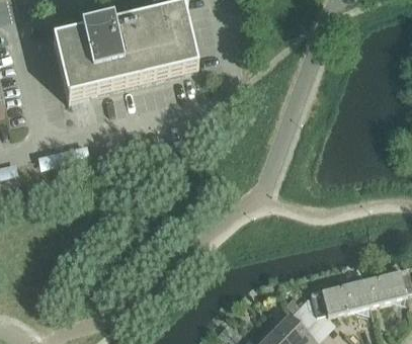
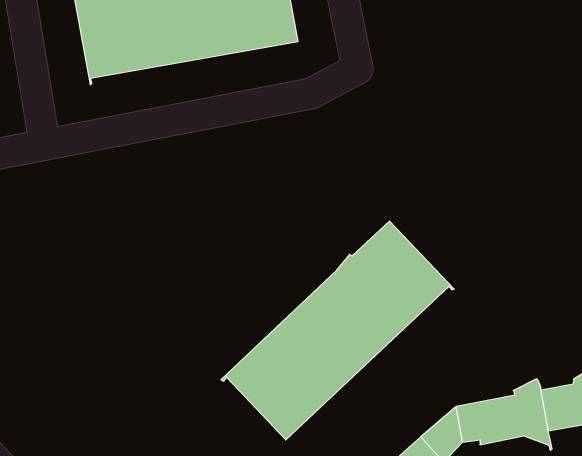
building: none -> [221,221,454,440]

